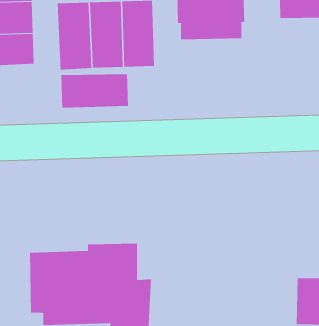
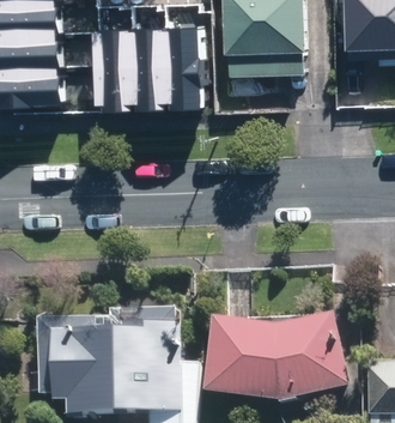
building: [61,73,129,109] -> none
building: none -> [205,310,350,399]

